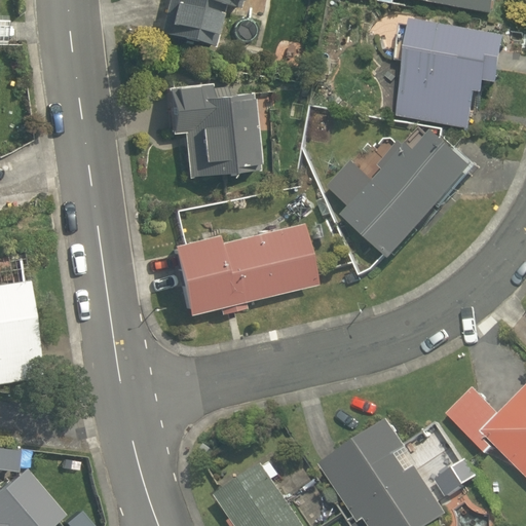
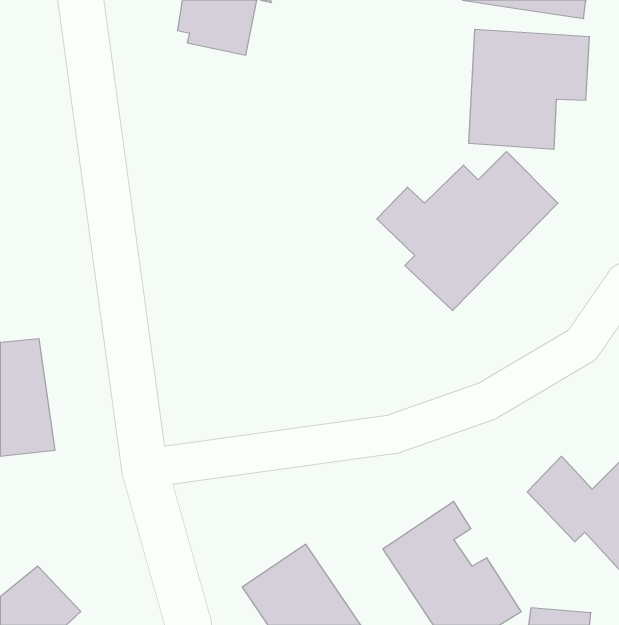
building: [157,84,242,173] -> none
building: [160,216,311,313] -> none

